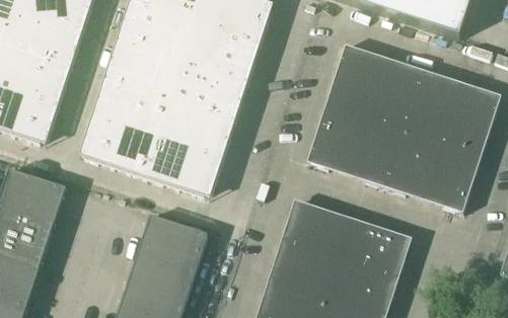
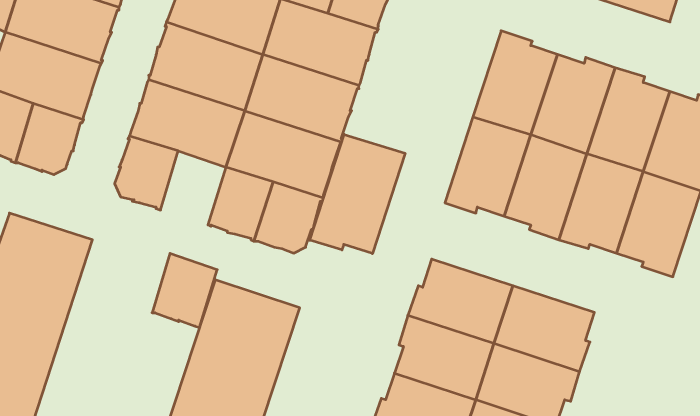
building: none -> [310,134,405,254]
building: [113,126,157,176] -> [152,253,217,328]

